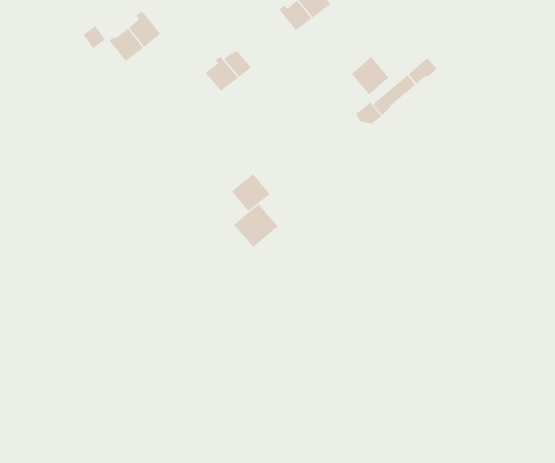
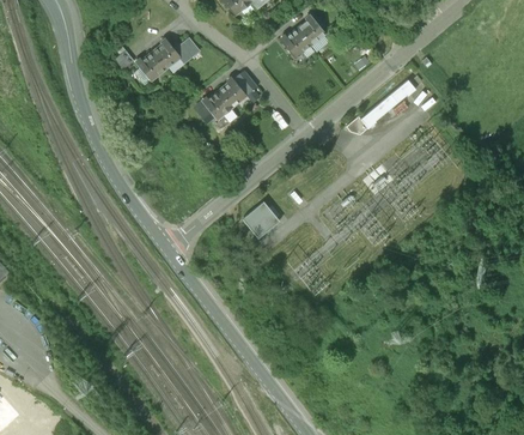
building: [351,56,389,95] -> none
building: none -> [197,91,230,121]
building: [231,173,271,212] -> none

